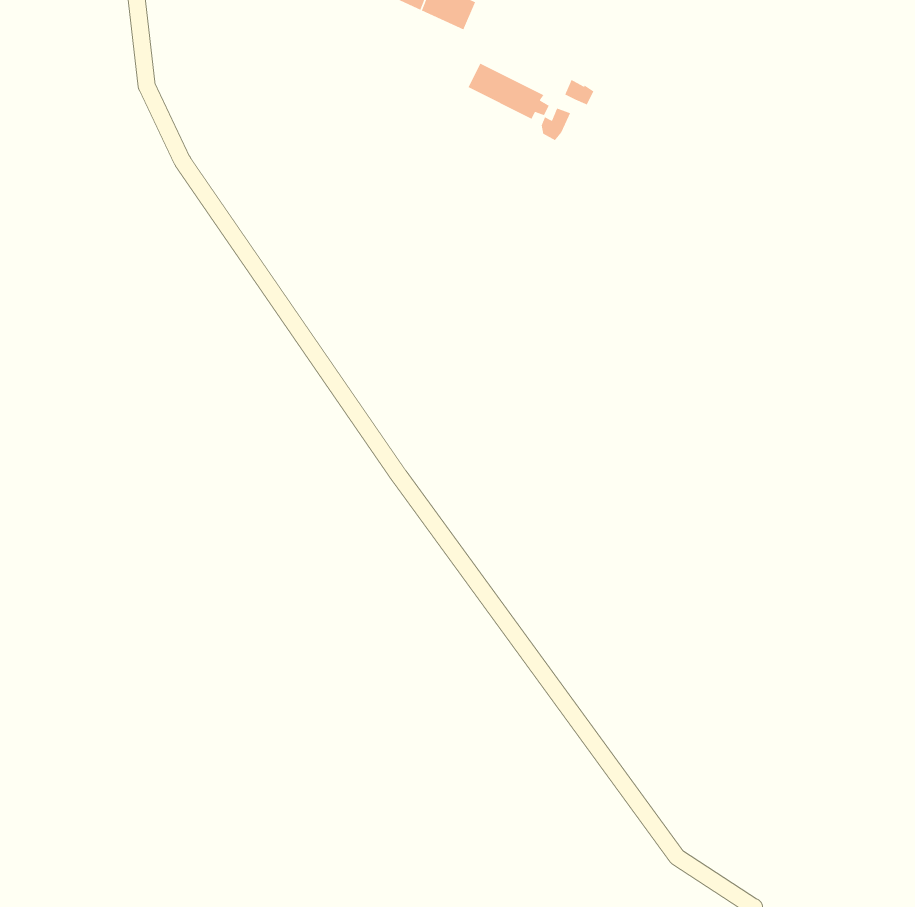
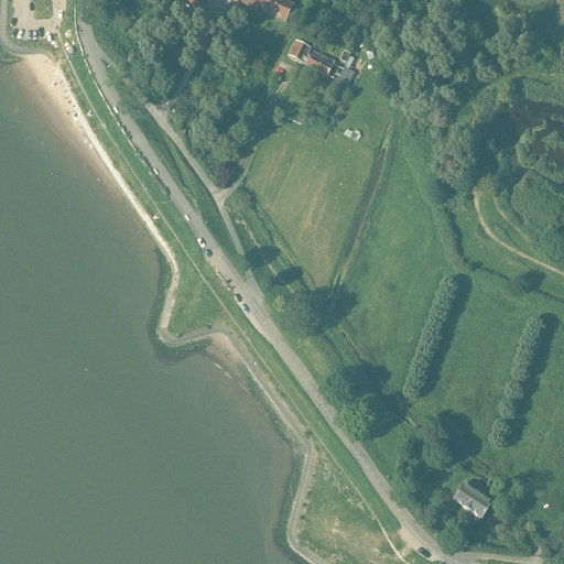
building: none -> [453,482,490,517]

